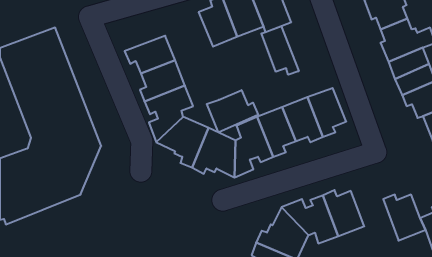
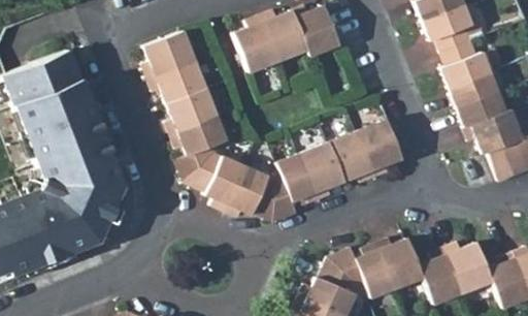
building: none -> [144,30,196,77]
building: [261,26,299,75] -> none
building: [207,90,258,132] -> none
building: none -> [419,247,463,305]

